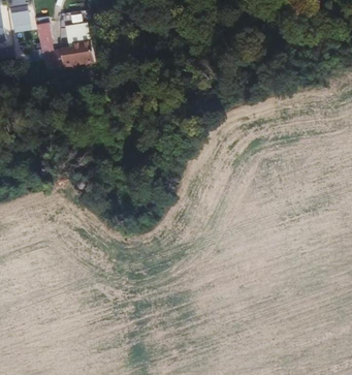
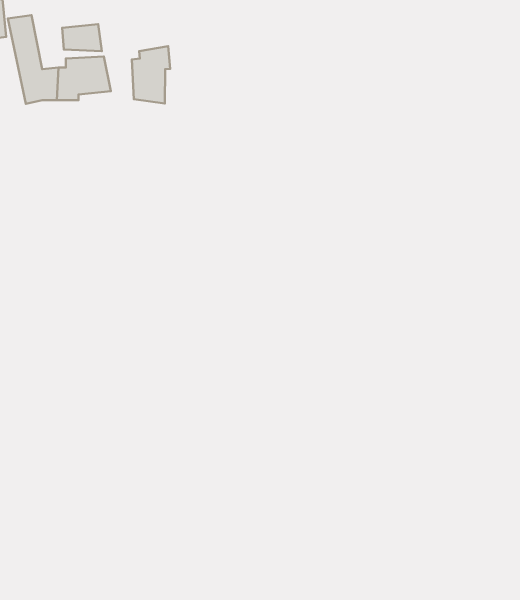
building: none -> [132,46,170,104]

